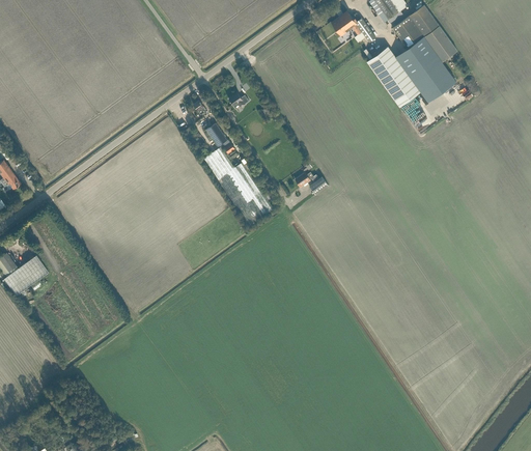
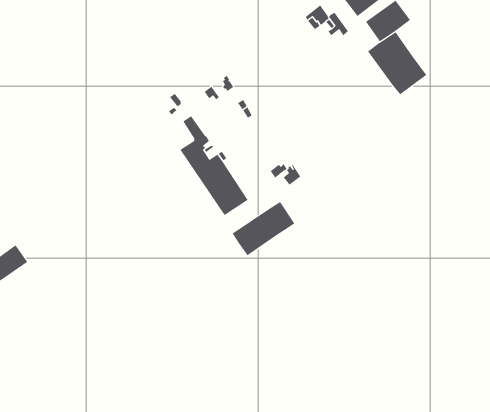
building: [424,26,457,62] -> none
building: [367,49,420,107] -> none
building: none -> [232,201,295,256]

